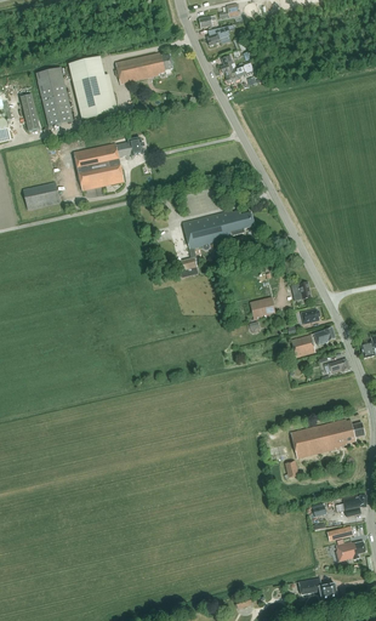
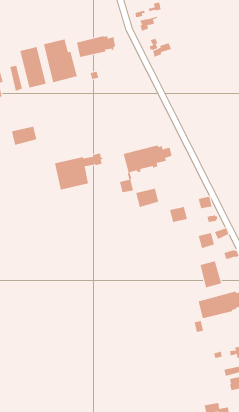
building: [74,137,144,190] -> [54,153,103,190]
building: none -> [135,188,159,208]
building: none -> [200,261,222,288]

